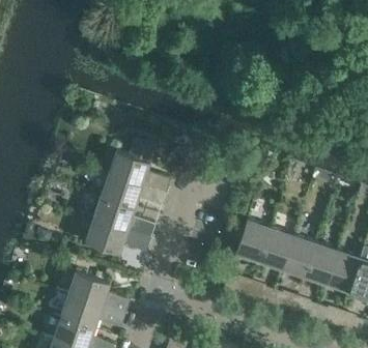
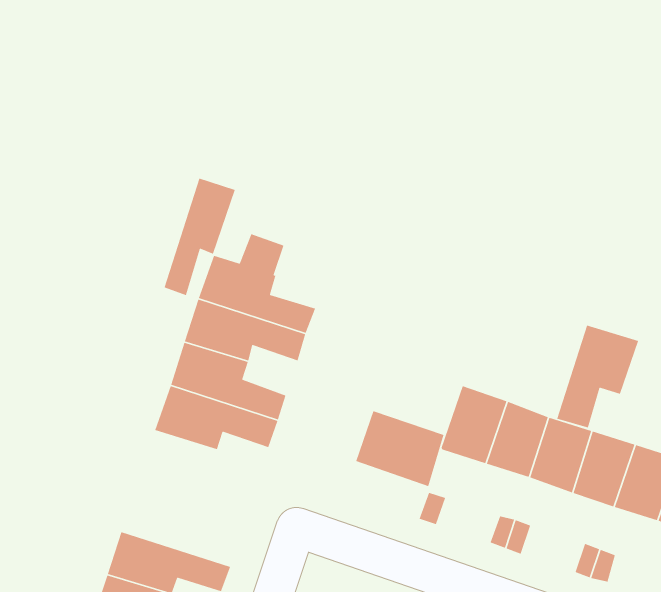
building: none -> [164,178,236,296]
building: none -> [556,324,639,429]
building: none -> [355,410,444,487]
building: [66,272,129,315] -> none

